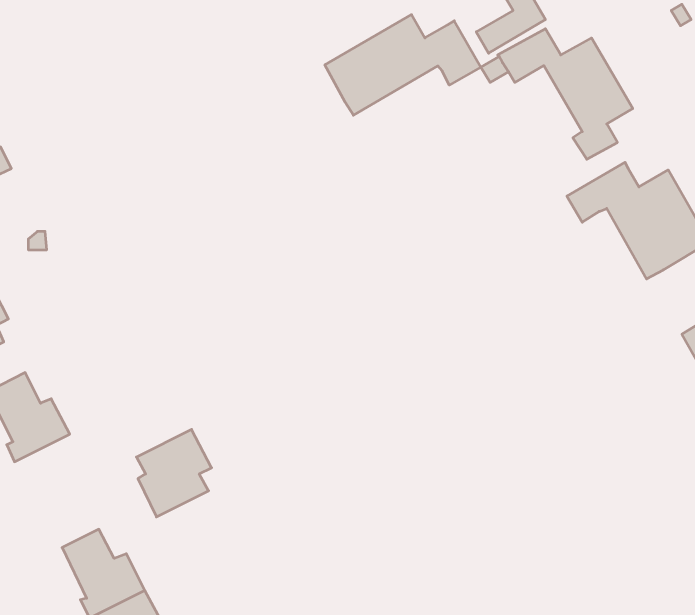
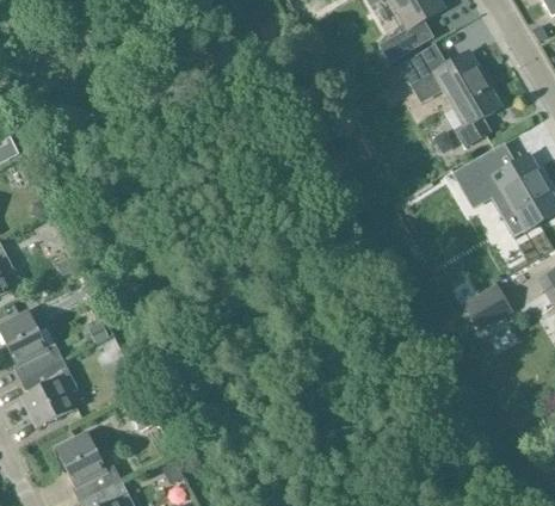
building: [325,15,481,115] -> none
building: none -> [464,286,512,332]
building: [136,429,212,517] -> [20,359,79,427]

